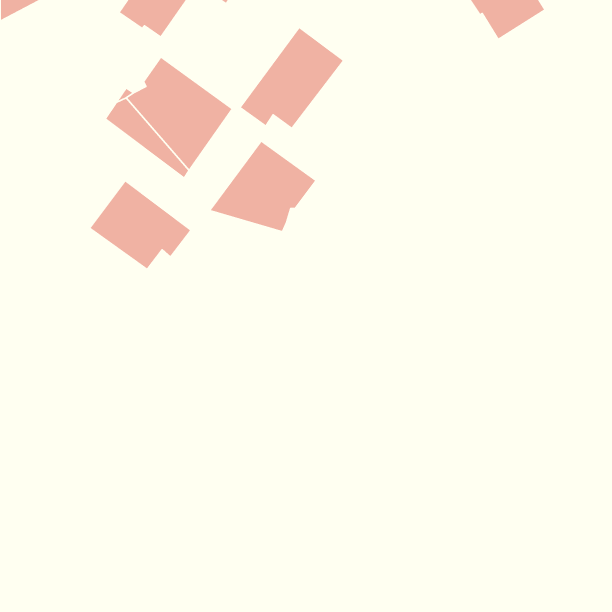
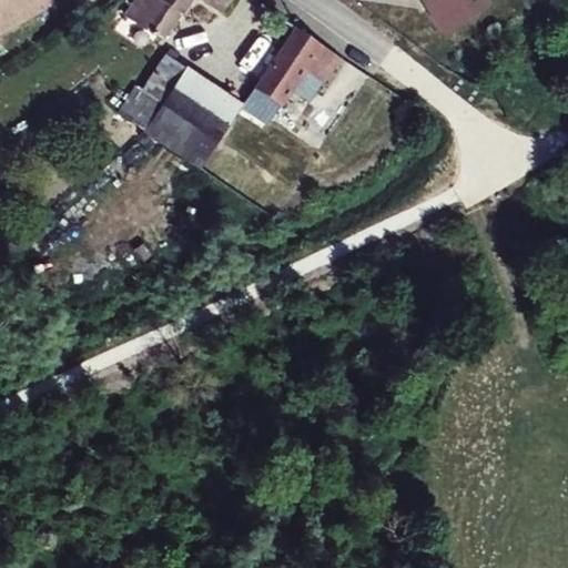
building: [210,141,316,232] -> none
building: [90,180,191,270] -> none

